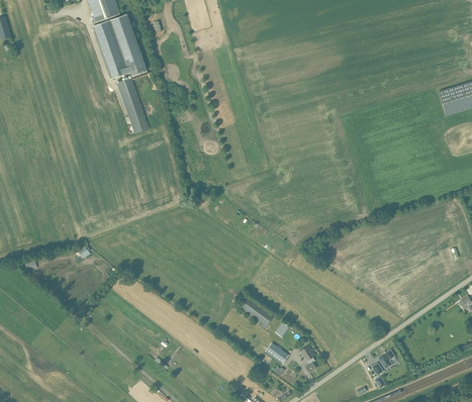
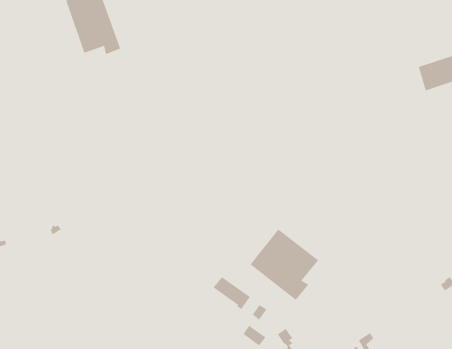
building: [117,78,150,133] -> none
building: none -> [250,229,319,301]

